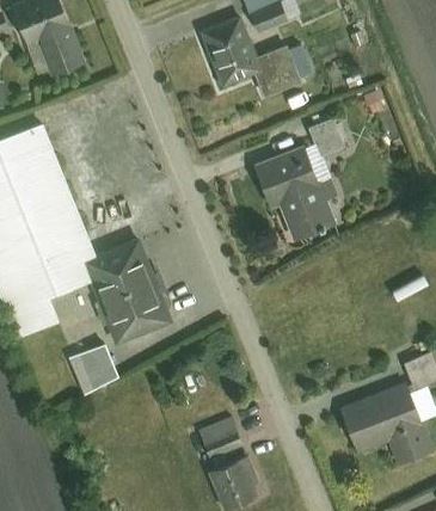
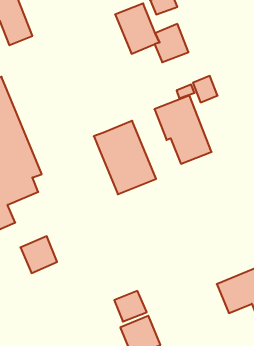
building: [84,239,171,341] -> [94,121,156,194]

